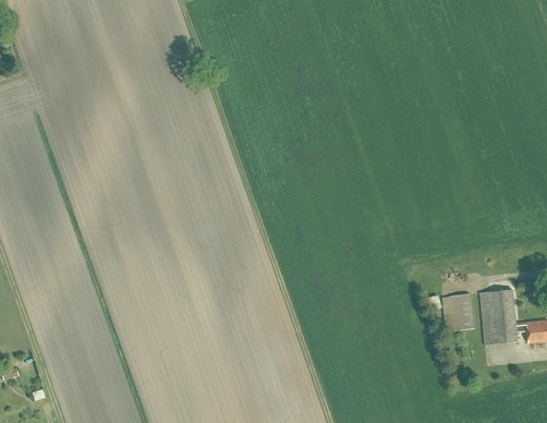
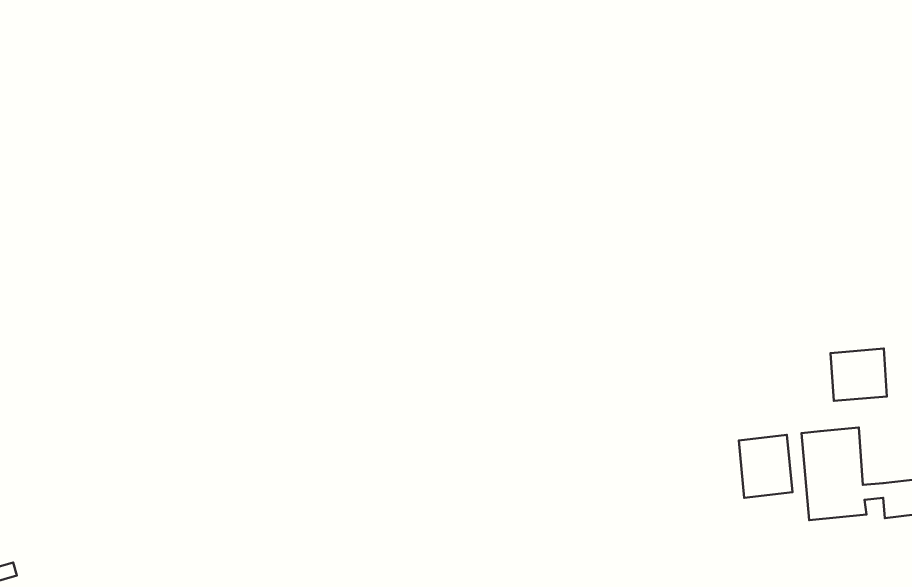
building: none -> [831,349,887,401]

